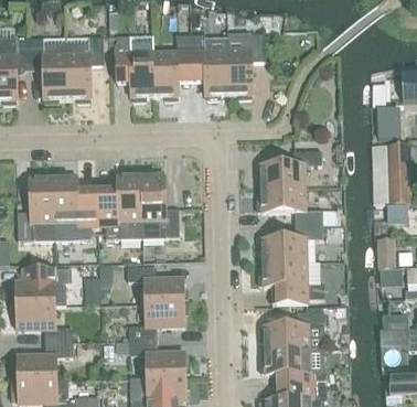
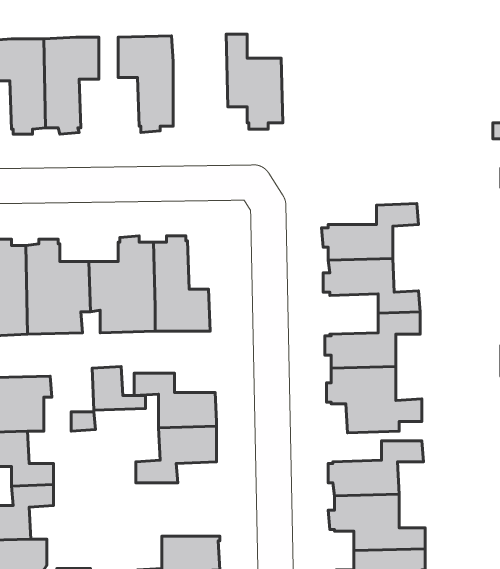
building: [228,32,265,97] -> none
building: [154,33,192,99] -> none
building: [129,340,186,376] -> none

